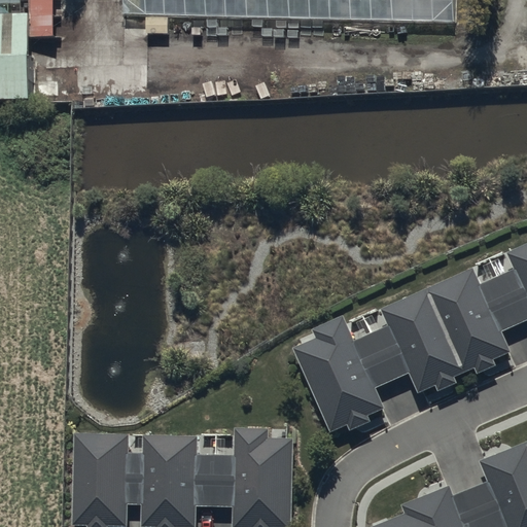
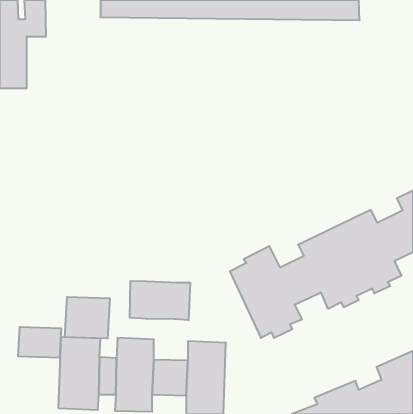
building: none -> [130,281,190,320]
building: none -> [65,297,110,339]
building: none -> [18,327,61,358]

